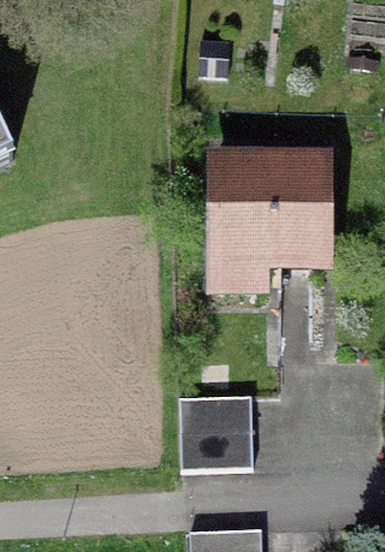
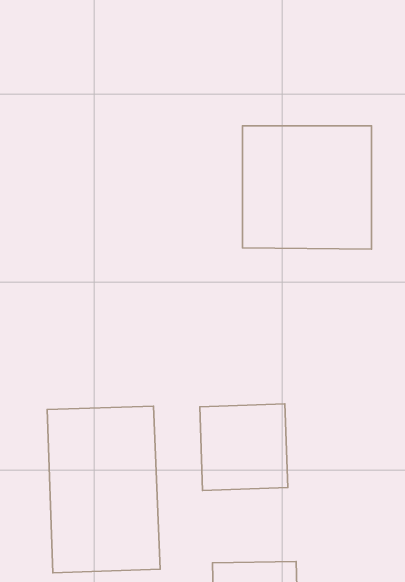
building: none -> [47,406,160,573]

